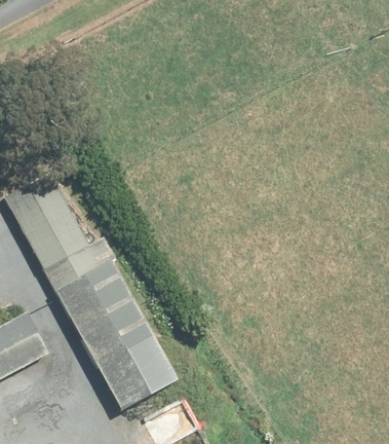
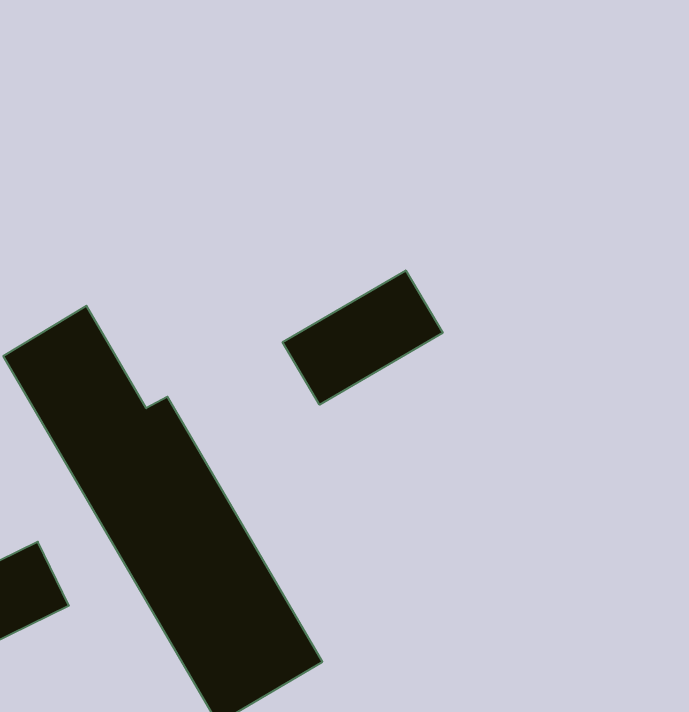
building: none -> [283,270,443,405]

